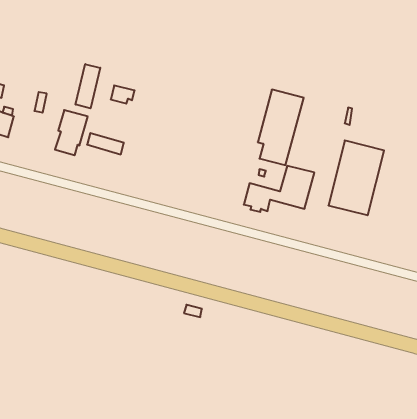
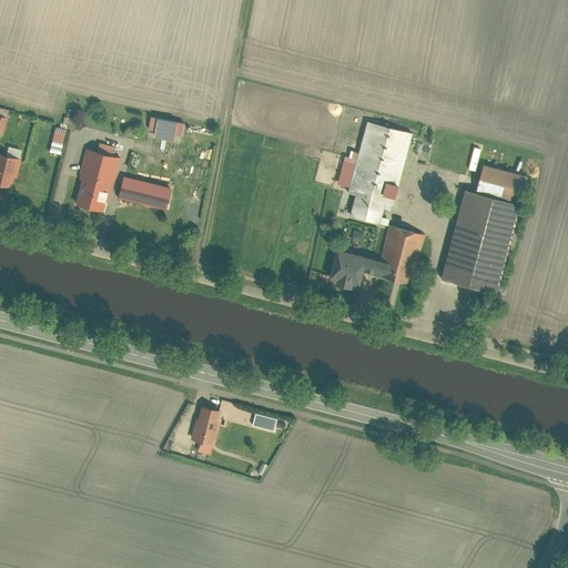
building: [76,64,100,108] -> none
building: none -> [478,165,525,202]
building: none -> [191,404,221,453]

